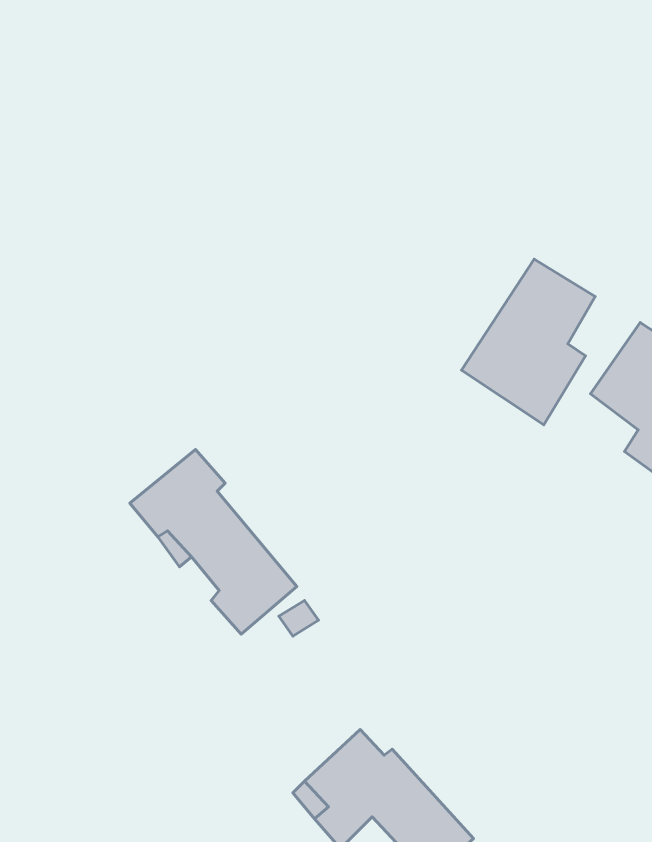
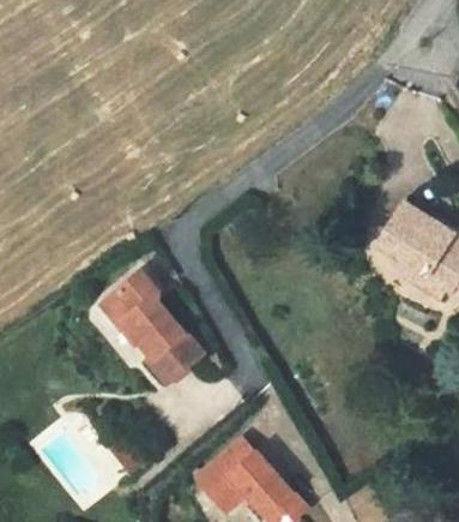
building: [461,259,595,425] -> none

